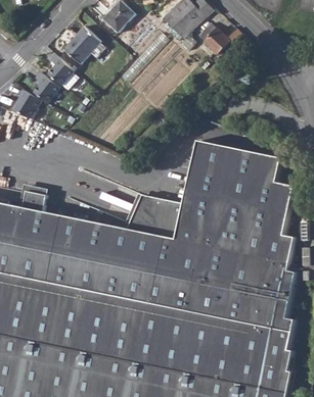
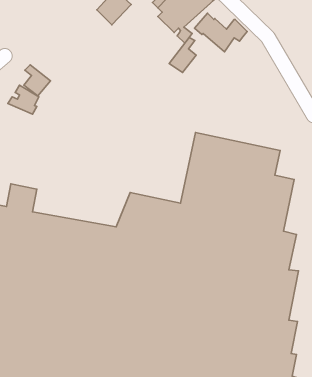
building: [63,28,100,63] -> none
building: none -> [169,37,196,72]
building: [46,55,76,91] -> none

